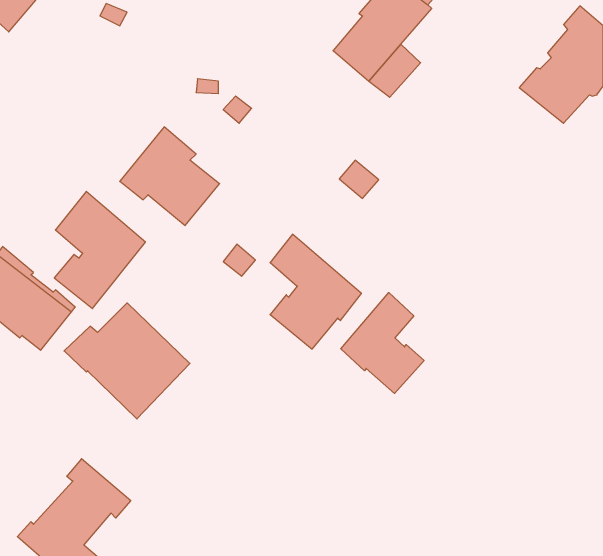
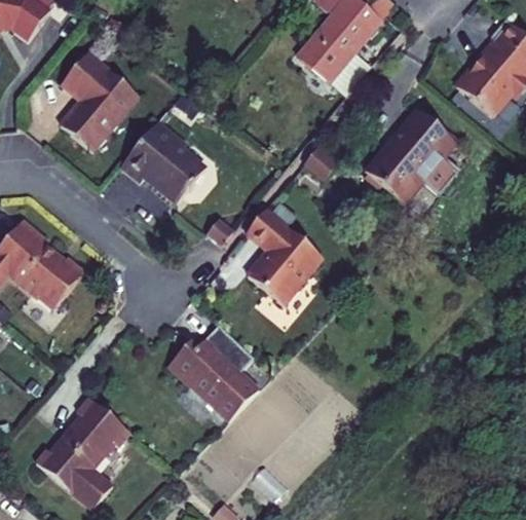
building: none -> [365,109,455,202]
building: [54,191,145,309] -> [62,51,138,149]
building: [341,293,424,393] -> none
building: [64,303,190,419] -> [167,325,272,421]

